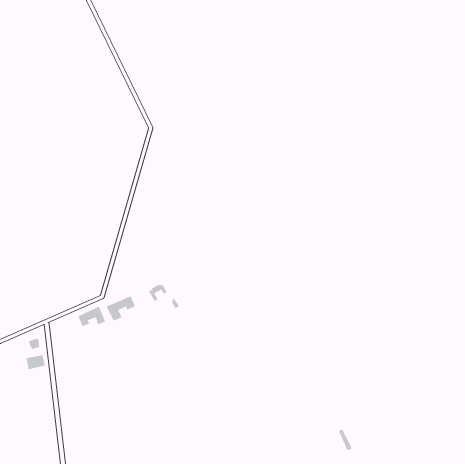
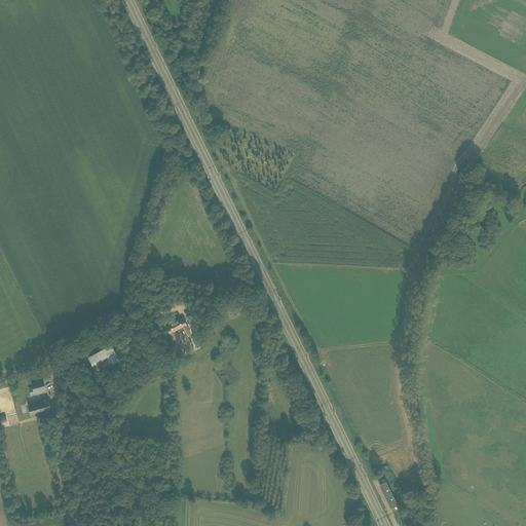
building: [106,295,136,322] -> none

